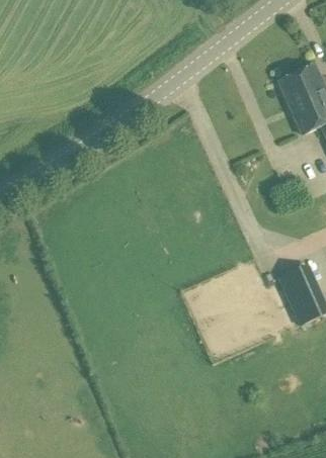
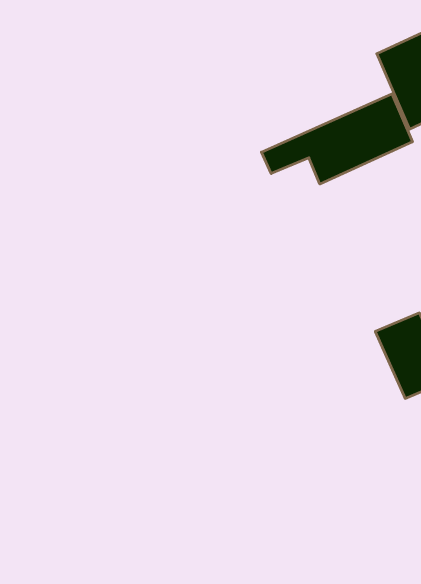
building: none -> [261,94,412,184]

